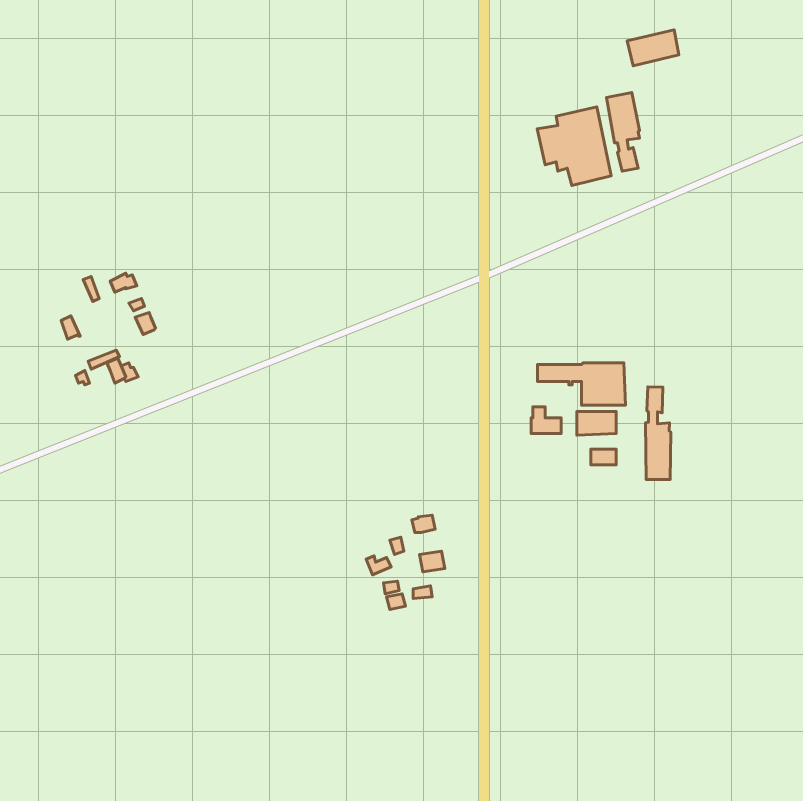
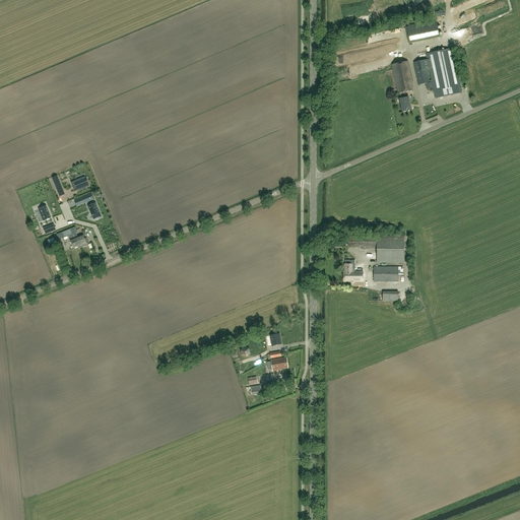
building: [537,107,611,185] -> [413,47,461,98]
building: [646,387,671,479] -> none

